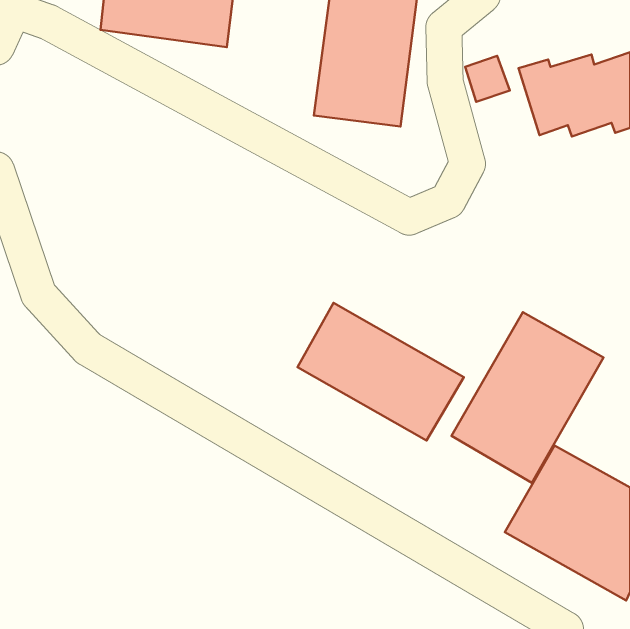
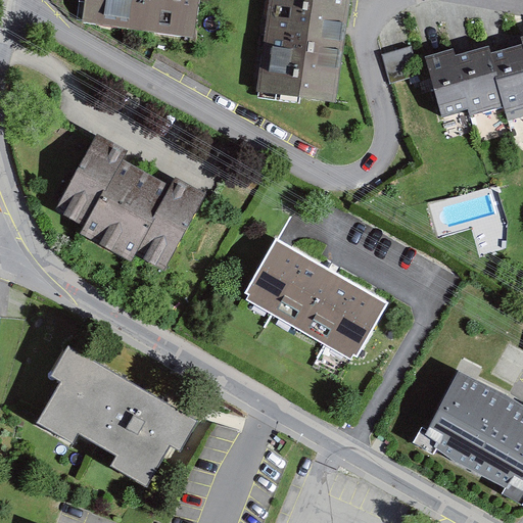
building: none -> [58,135,204,267]
building: [451,312,604,483] -> none
building: none -> [37,341,198,482]

